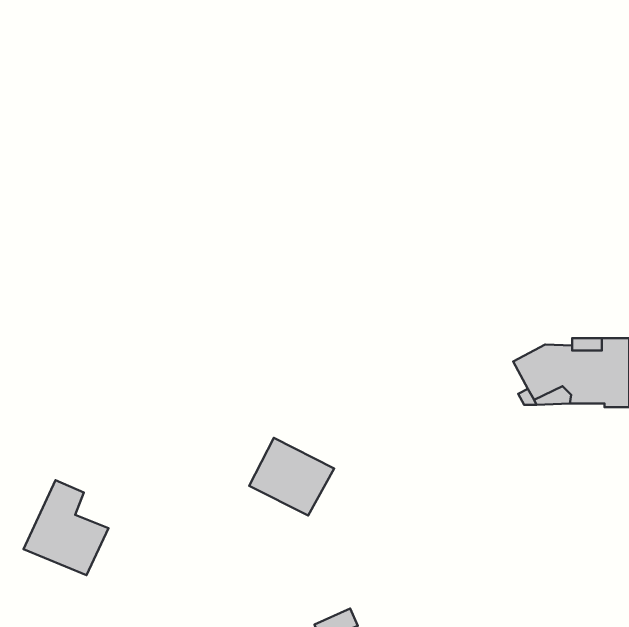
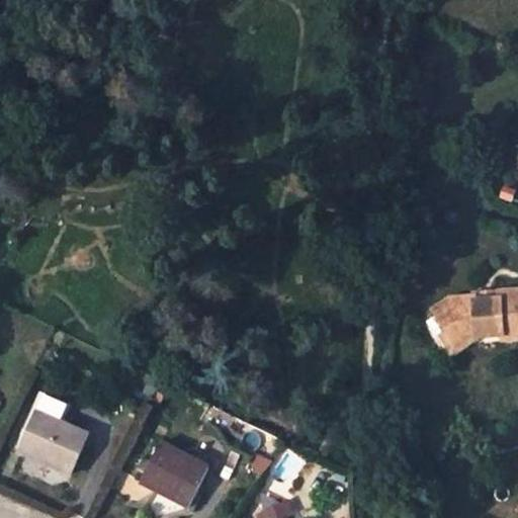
building: [249,438,334,516] -> [140,445,209,509]

